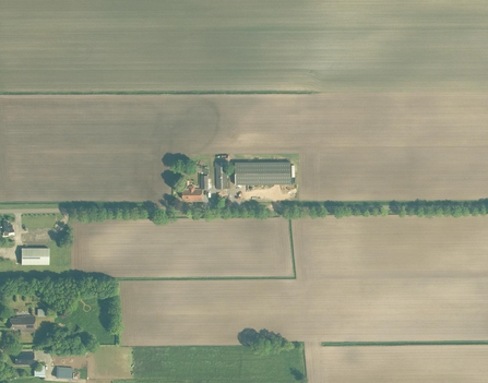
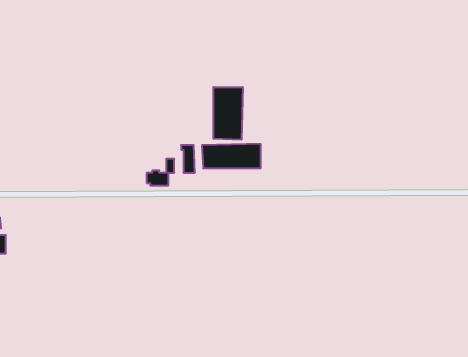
building: none -> [213,87,243,140]

